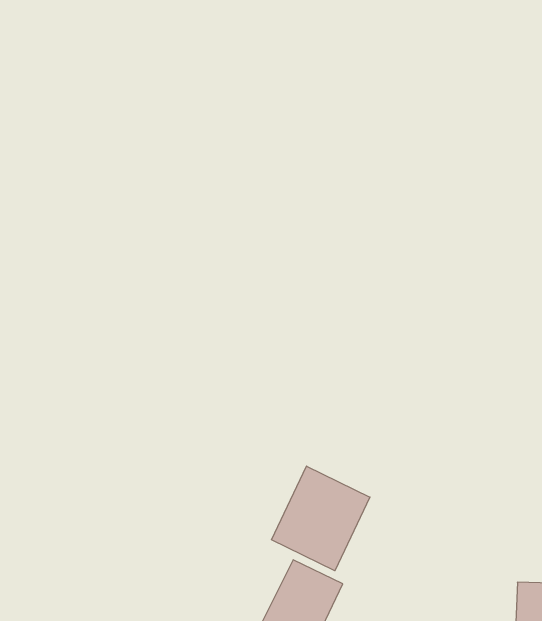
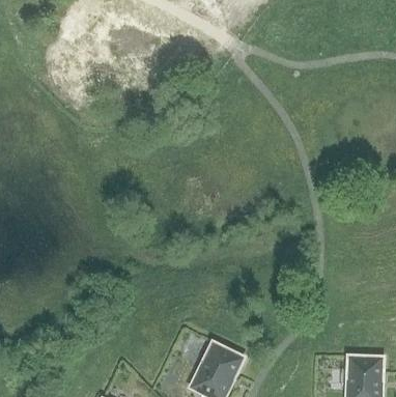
building: [272,466,370,571] -> none

